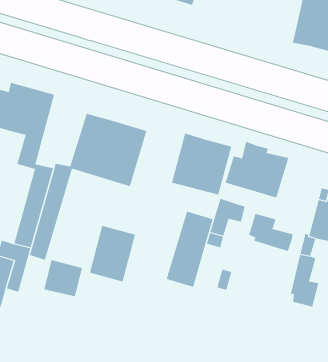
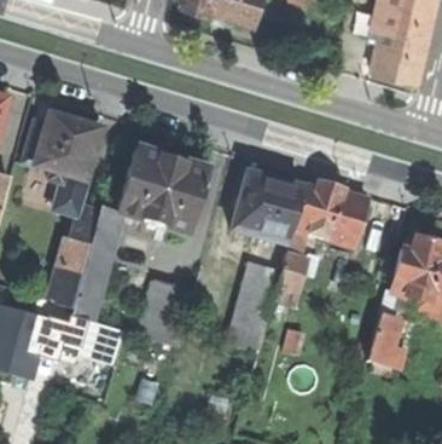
building: [249,213,293,252] -> none

